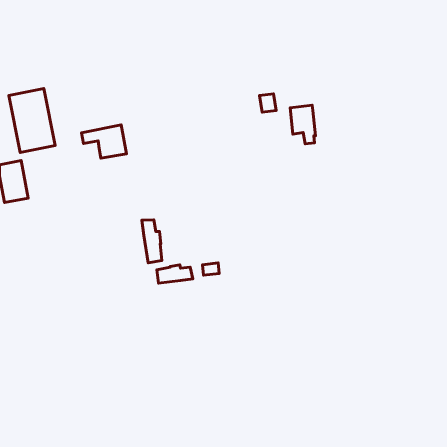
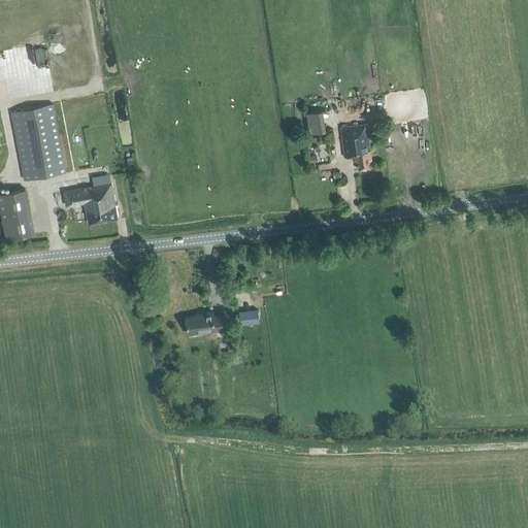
building: [82,125,126,158] -> [64,185,117,224]
building: [142,220,162,263] -> none

